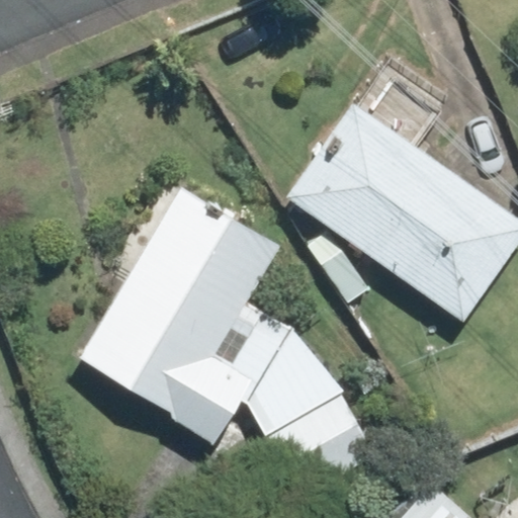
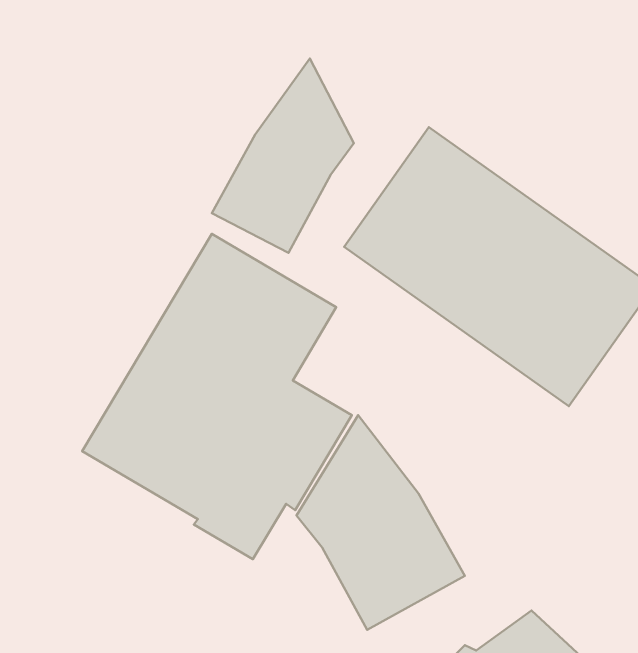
building: none -> [212,58,354,253]

